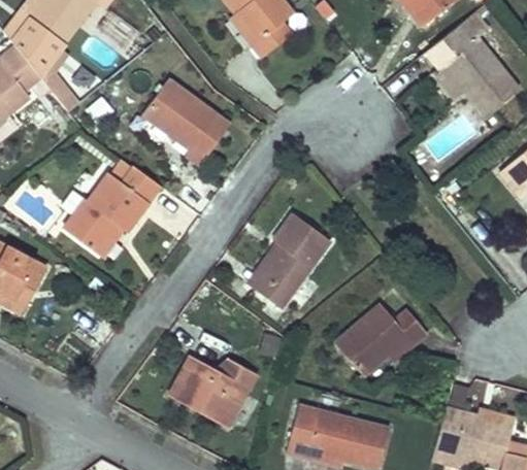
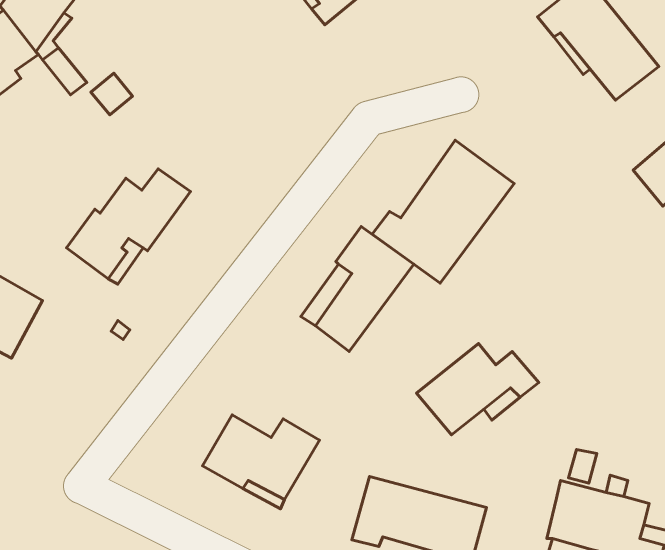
building: [143,79,230,164] -> none
building: none -> [372,140,514,283]

